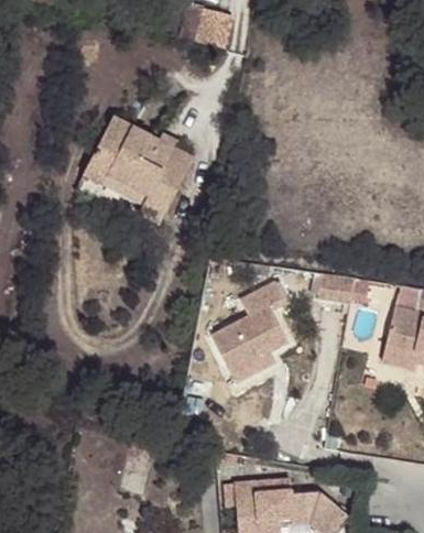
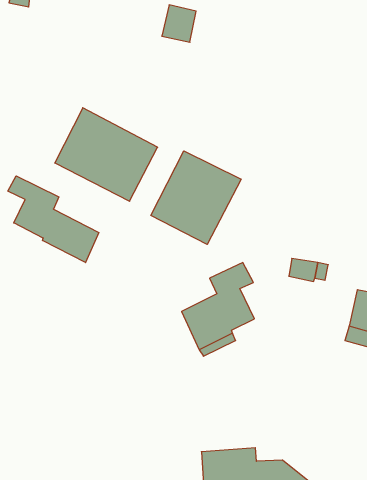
building: none -> [151,151,241,244]
building: none -> [8,176,99,263]

